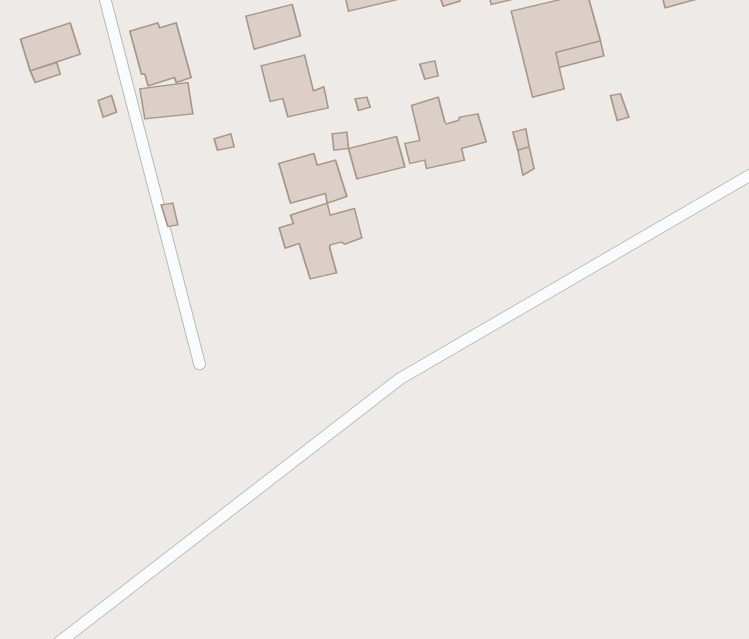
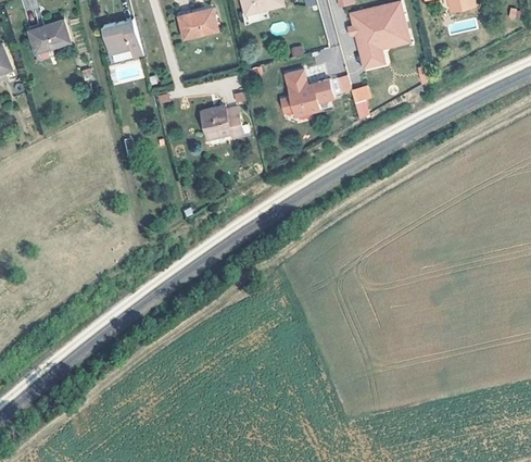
building: [261,55,328,117] -> none
building: [349,137,405,179] -> none
building: [279,203,362,279] -> none

